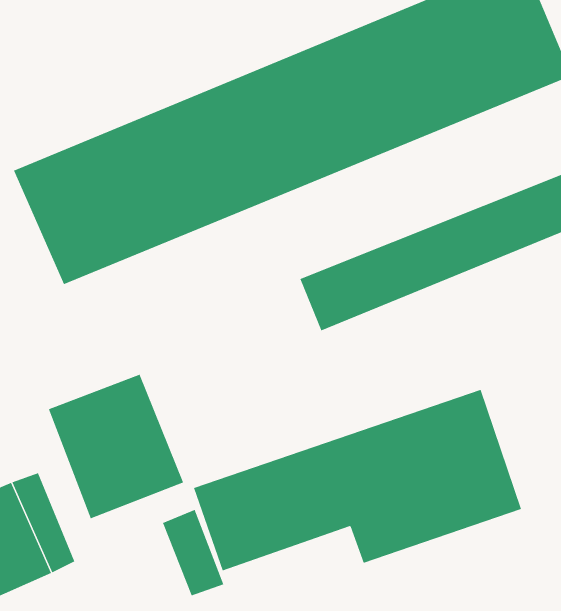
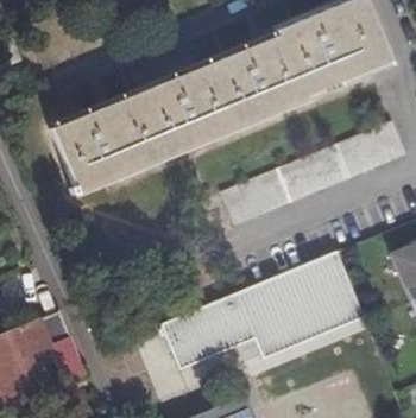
building: [48,374,184,519] -> none

